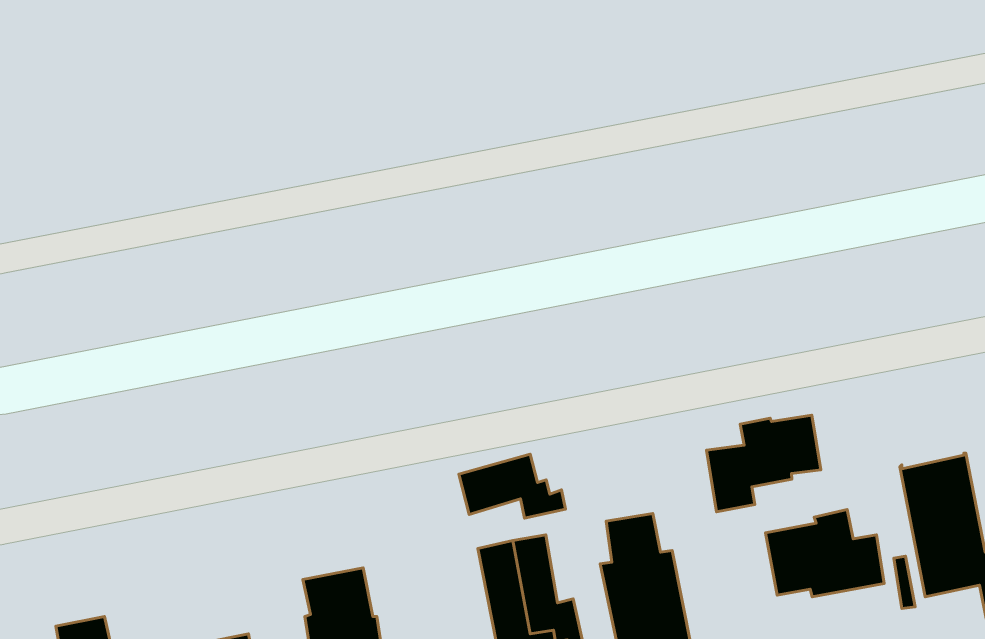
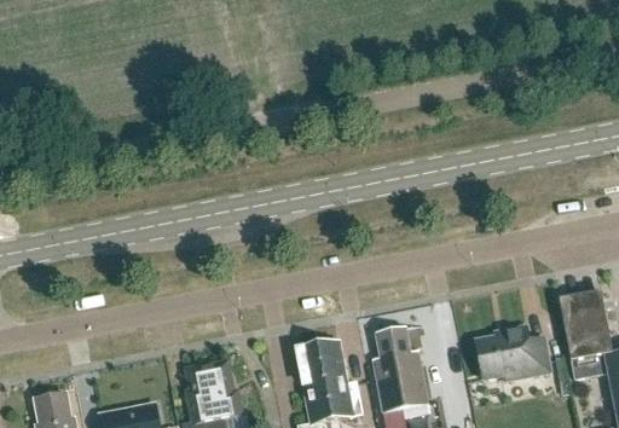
building: [707,415,821,512] -> none
building: [459,454,565,518] -> none

